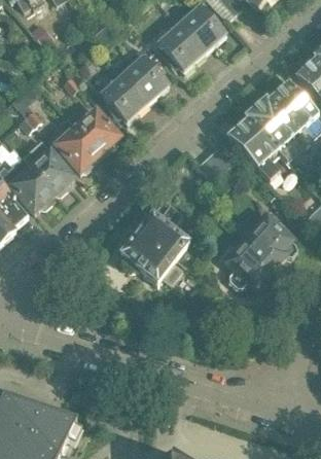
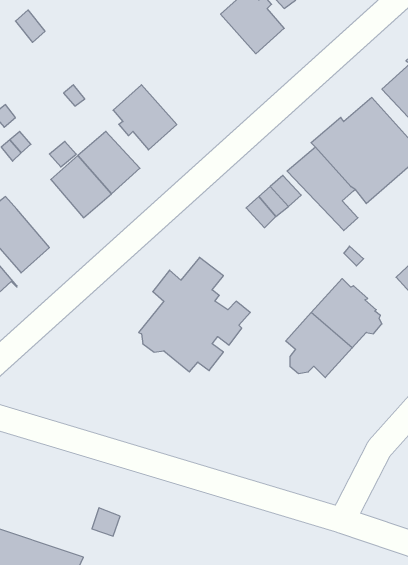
building: [154,23,204,71] -> none
building: [115,45,168,103] -> none
building: [30,148,73,192] -> none

